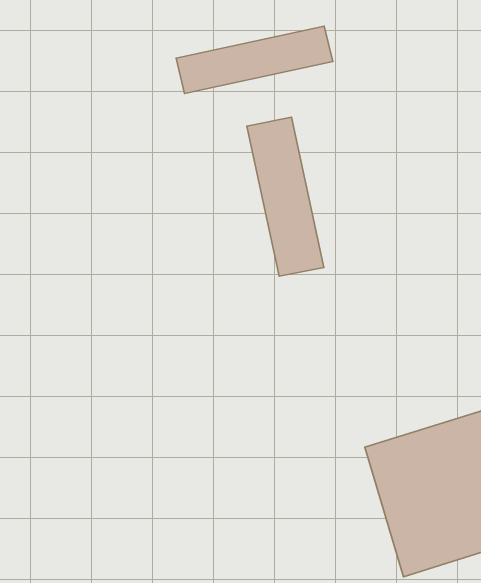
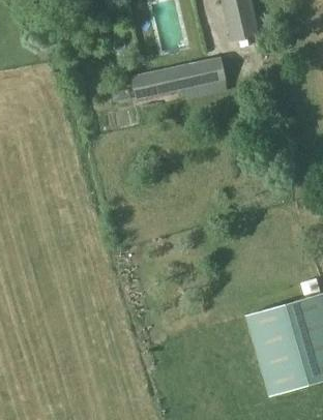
building: [247,117,324,276] -> none

